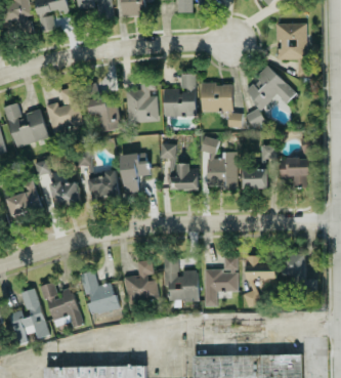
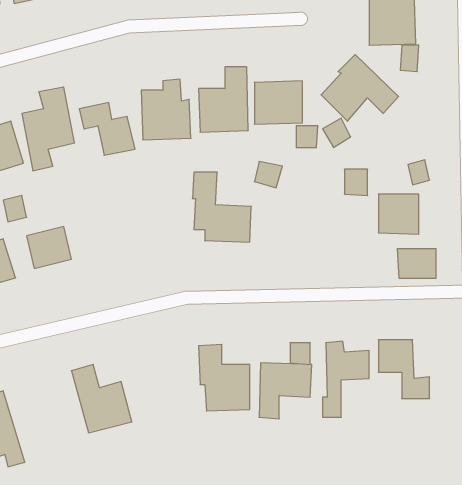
building: [209,152,238,192] -> none
building: [120,153,150,196] -> none
building: [243,169,268,188] -> [397,249,436,278]
building: [89,173,118,198] -> none
building: [125,260,159,304] -> none
building: [42,282,83,328] -> none

